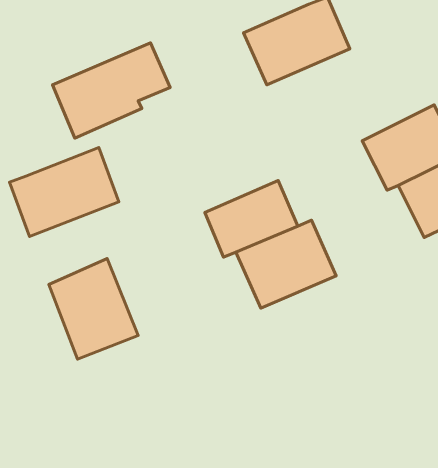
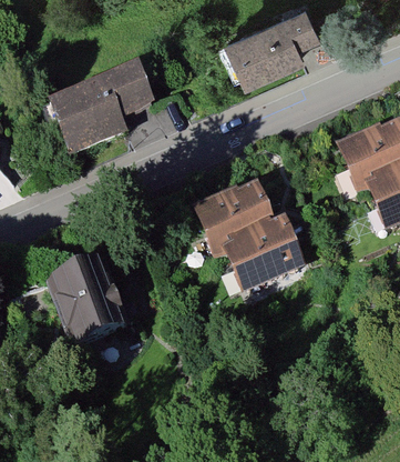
building: [10,147,119,236] -> none

